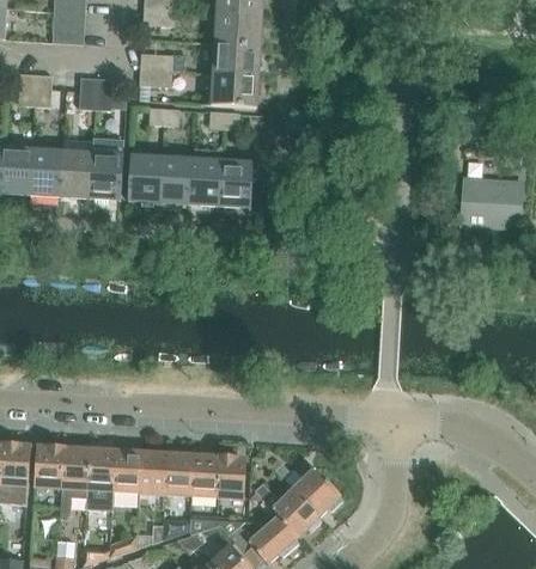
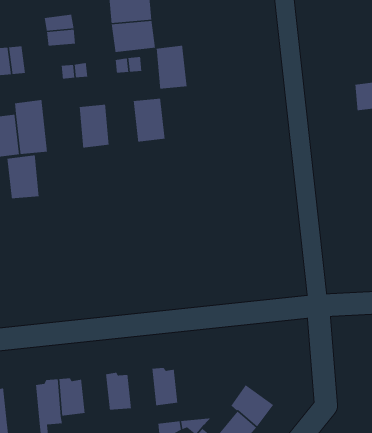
building: [127,154,162,202] -> [7,154,39,199]
building: [188,158,221,206] -> [156,45,188,89]
building: [34,445,63,496] -> none
building: [112,449,141,491] -> none
building: [164,452,193,495] -> none
building: [215,454,245,498] -> none
building: [292,467,341,515] -> none

